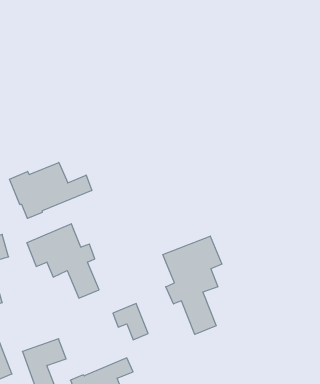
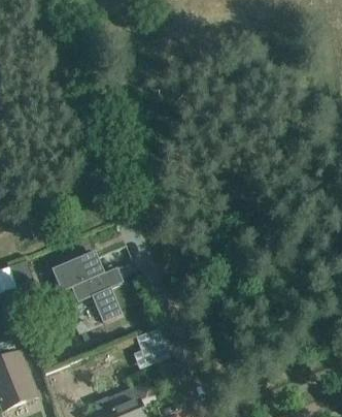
building: [9,162,92,218] -> none
building: [163,236,222,334] -> none

